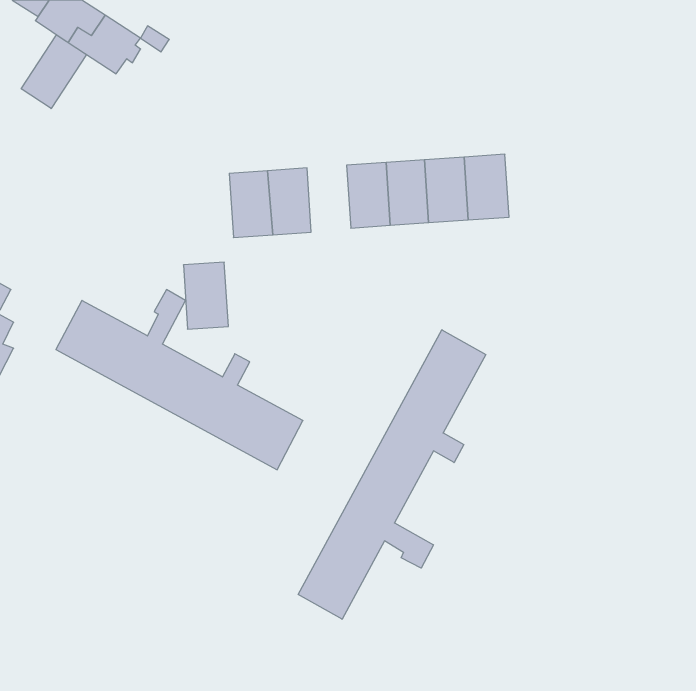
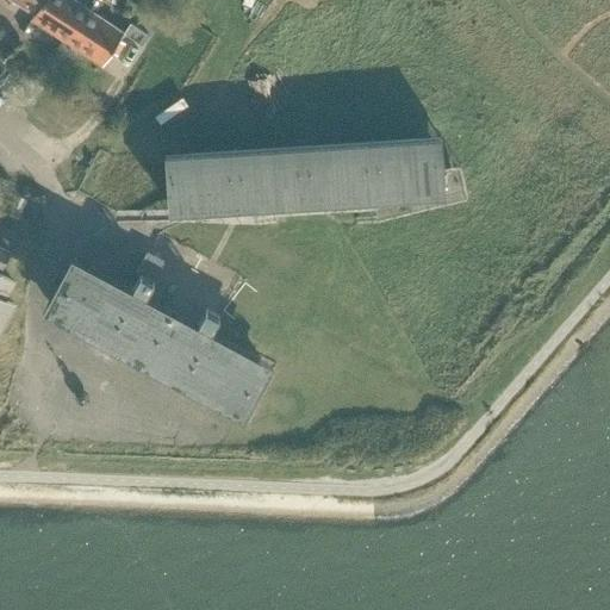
building: [21,35,86,109] -> none
building: none -> [268,150,306,208]
building: [183,262,228,329] -> [164,157,204,216]
building: [298,330,486,619] -> none

